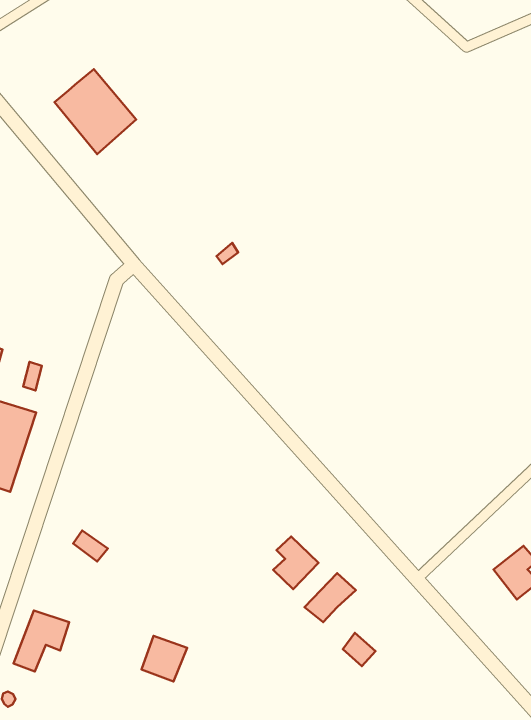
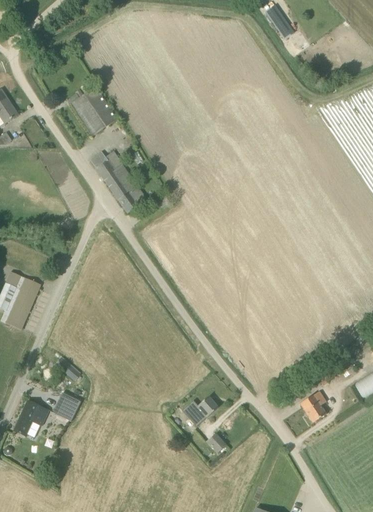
building: none -> [90,151,138,213]
building: [273,536,319,589] -> none
building: [142,636,187,682] -> [53,392,81,420]

